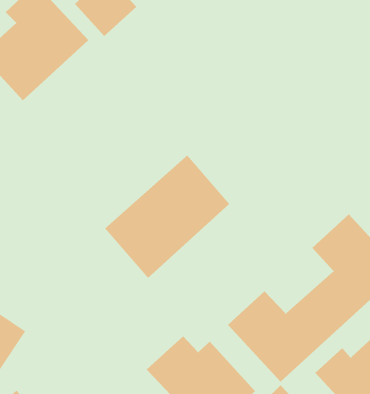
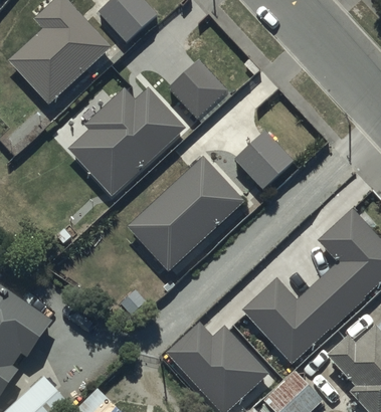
building: none -> [166,55,228,119]
building: none -> [65,84,188,196]
building: none -> [232,128,296,191]

